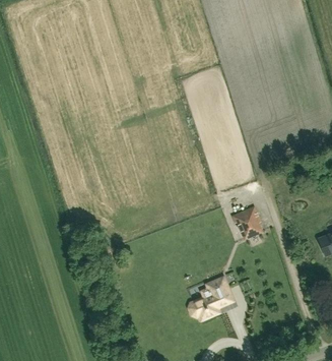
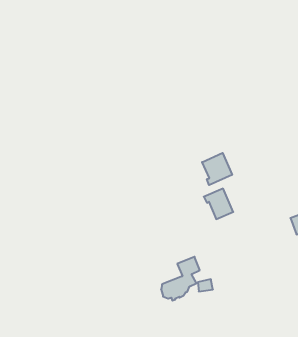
building: none -> [202,153,232,185]

